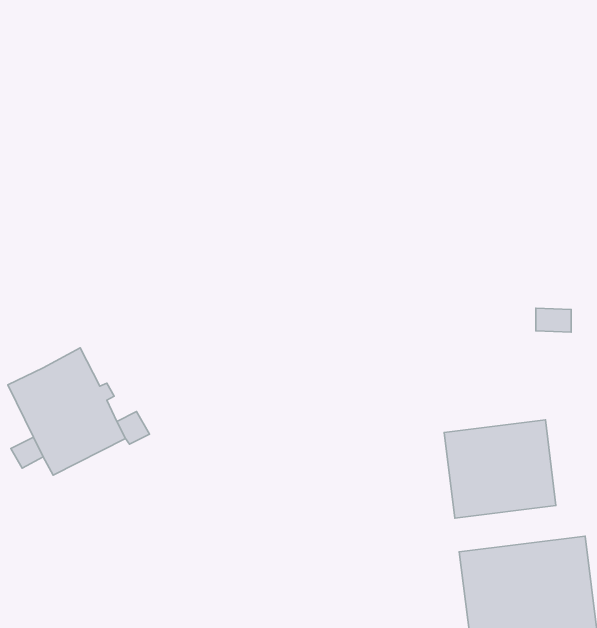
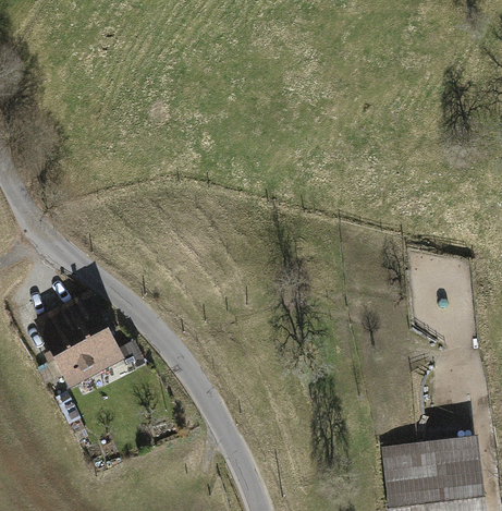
building: [444,420,556,518] -> none

